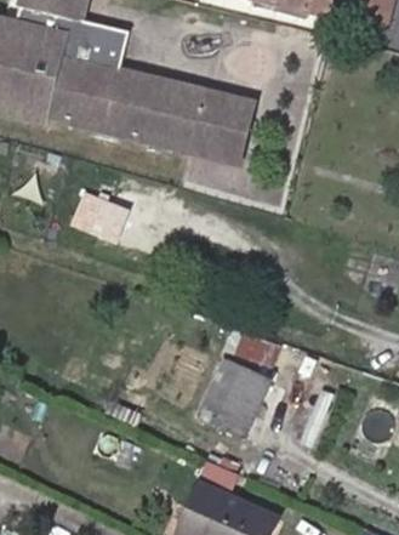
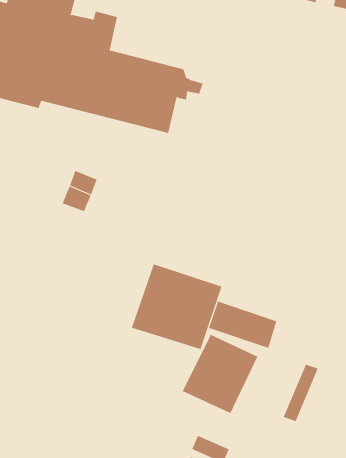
building: [177,86,245,172] -> none
building: none -> [131,263,222,350]

